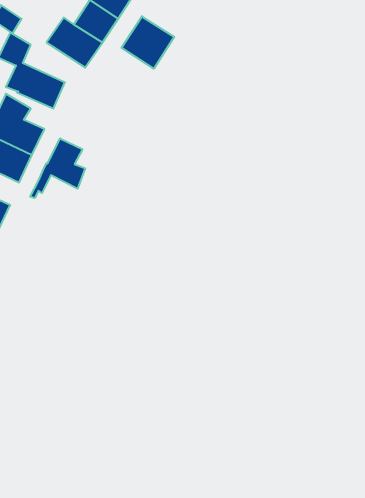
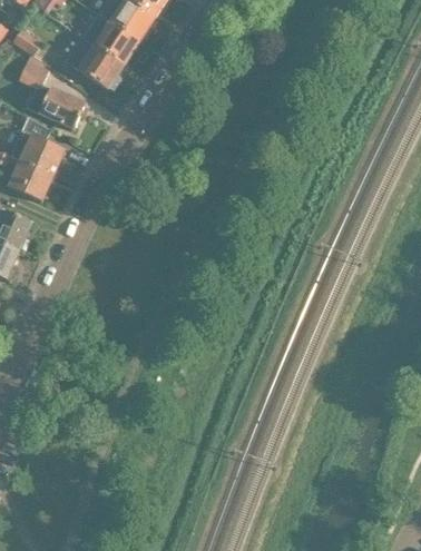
building: [122,16,174,69] -> none
building: [30,138,85,198] -> none

